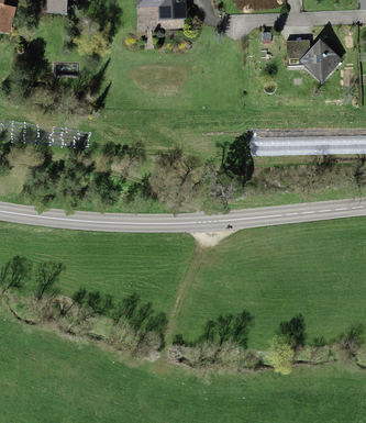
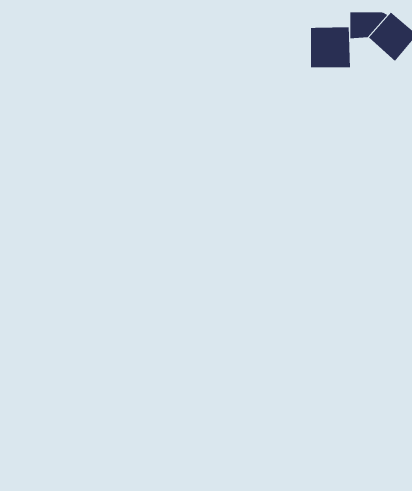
building: none -> [311,27,351,68]

